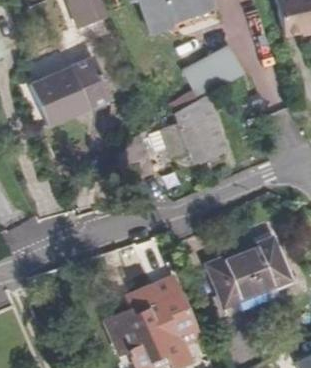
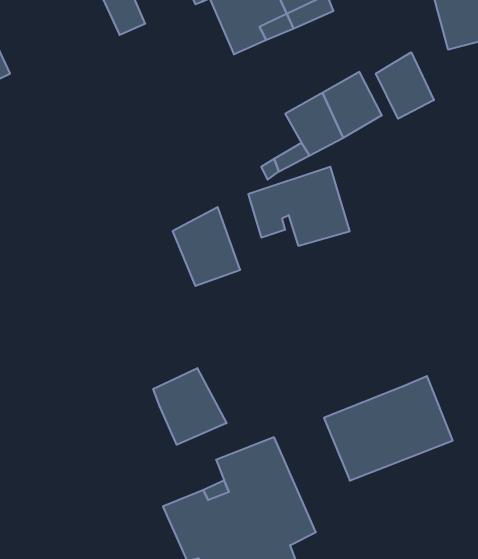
building: none -> [376,52,434,119]
building: [30,54,109,122] -> none
building: none -> [153,368,227,445]

